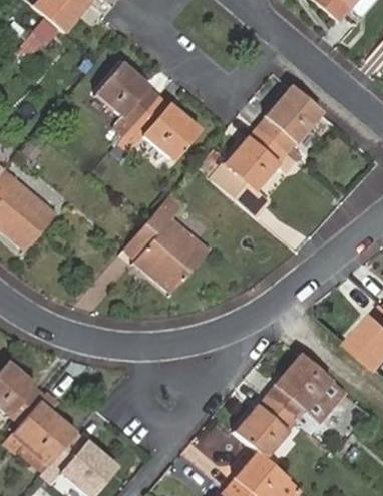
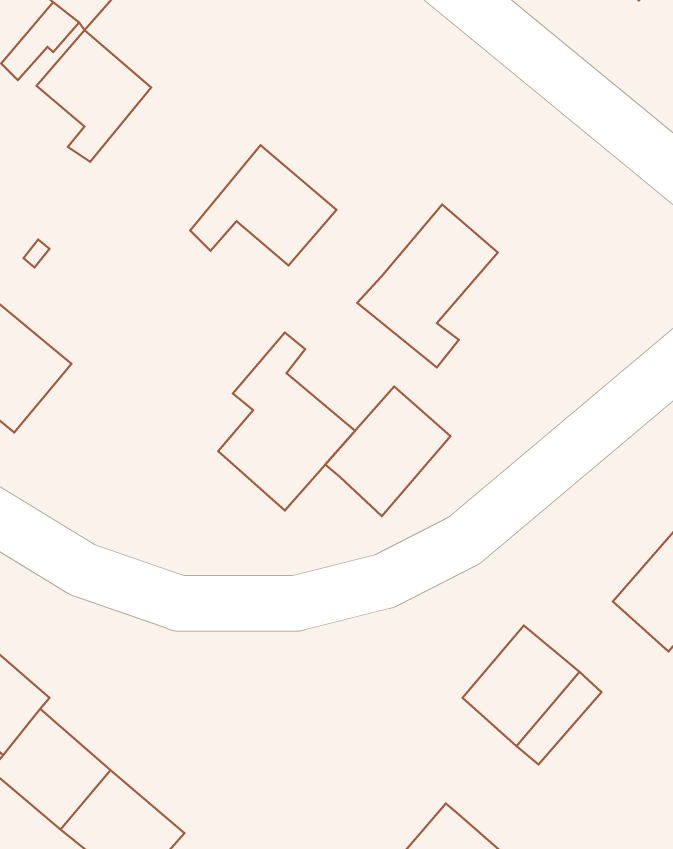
building: [95,64,157,135] -> [36,30,151,162]
building: [256,86,321,153] -> none
building: none -> [325,386,451,516]
building: [235,394,296,457] -> none

